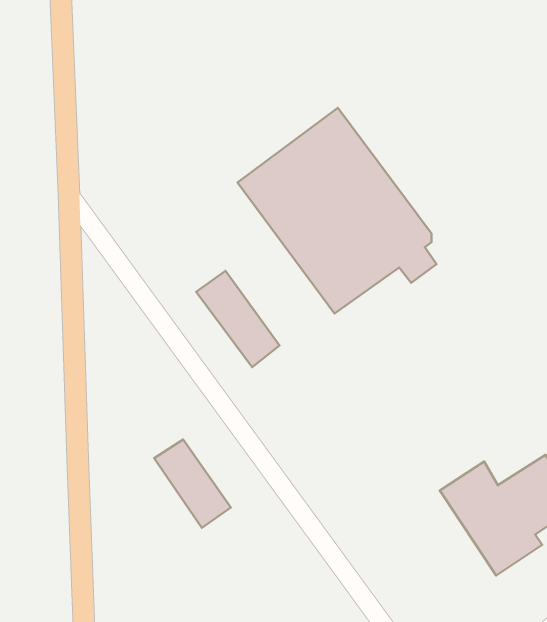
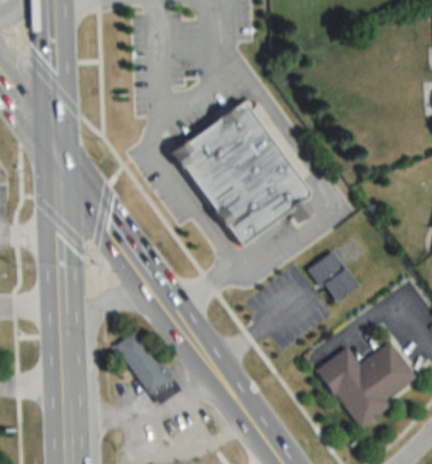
building: [196,271,280,367] -> none
building: none -> [309,250,360,304]

